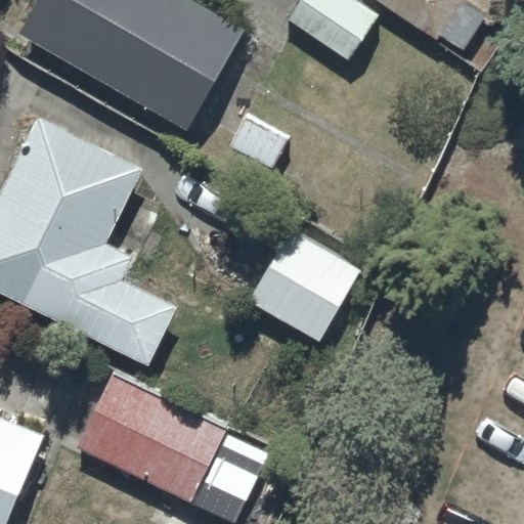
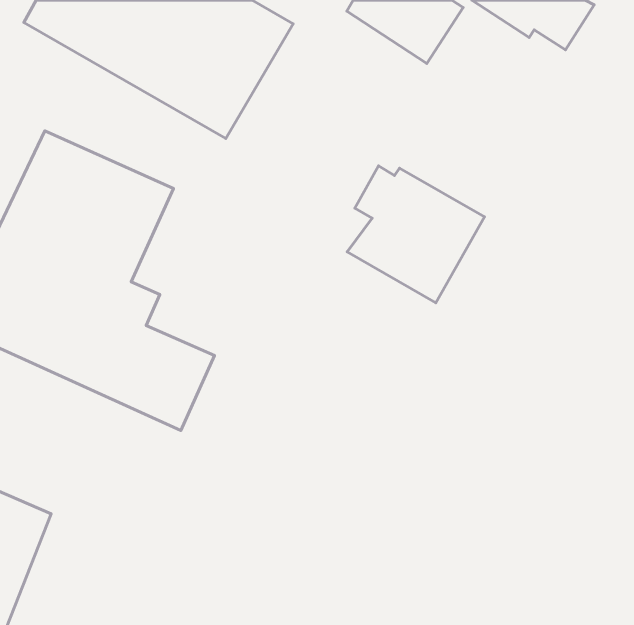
building: [247,228,359,341] -> [347,166,485,303]
building: [77,376,232,512] -> none

